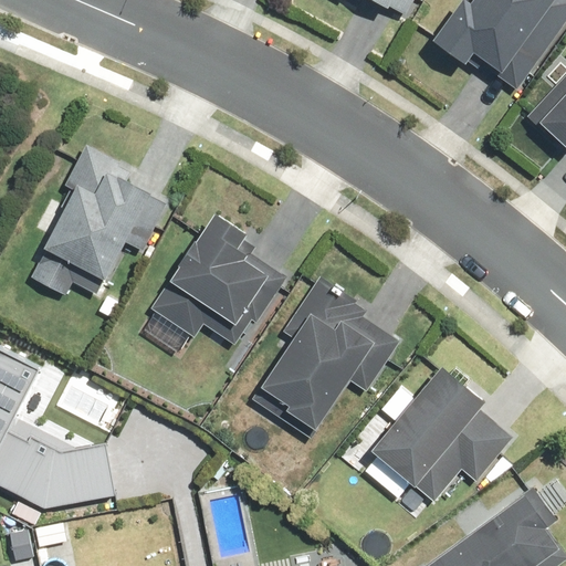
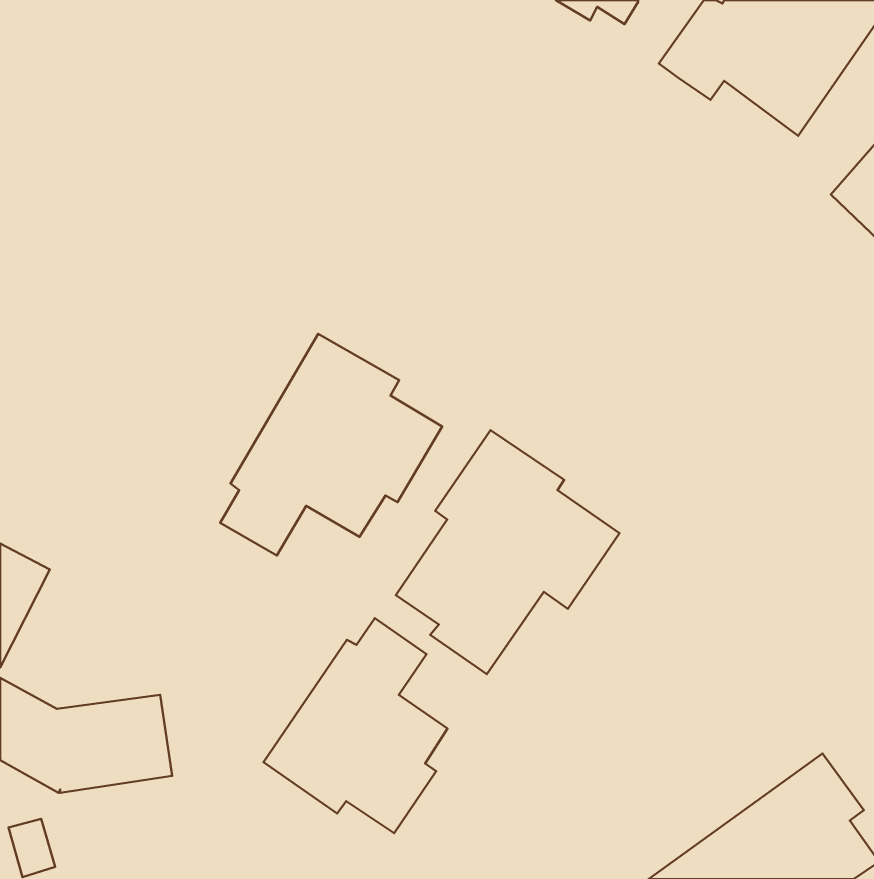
building: [32,149,171,296] -> none
building: [371,367,514,503] -> none
building: none -> [264,618,448,833]

